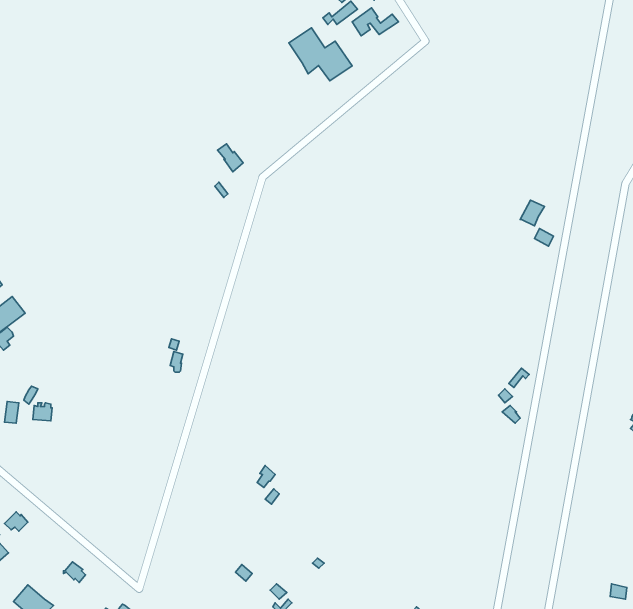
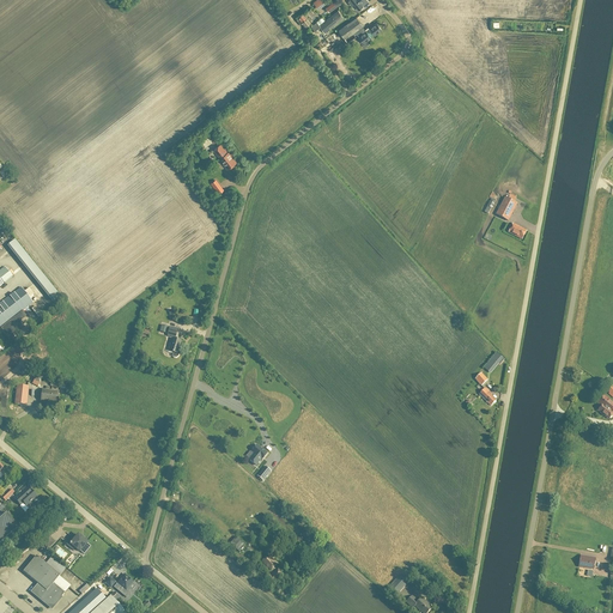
building: [289,28,352,81] -> none

